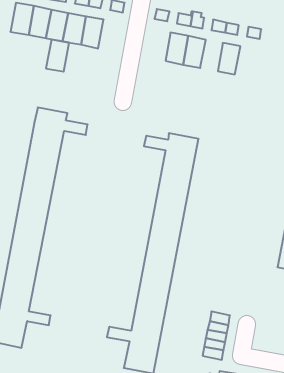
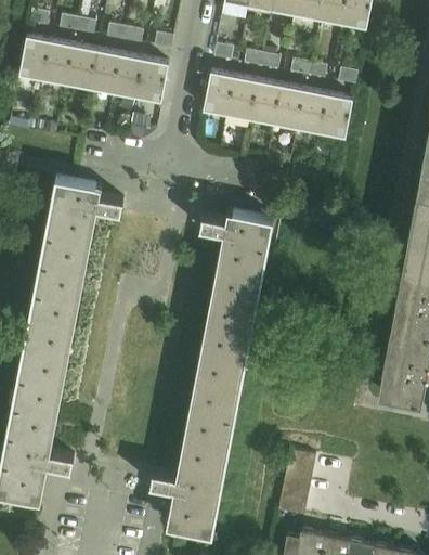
building: none -> [204,72,235,114]
building: [46,39,69,72] -> [138,59,169,102]
building: none -> [275,86,306,128]
building: none -> [322,94,352,137]

